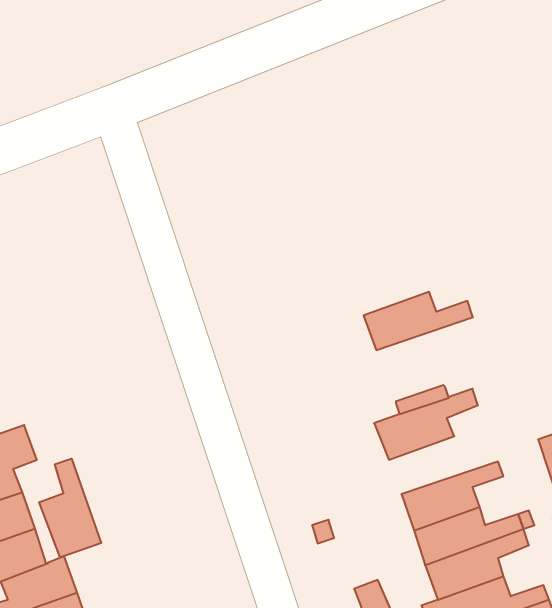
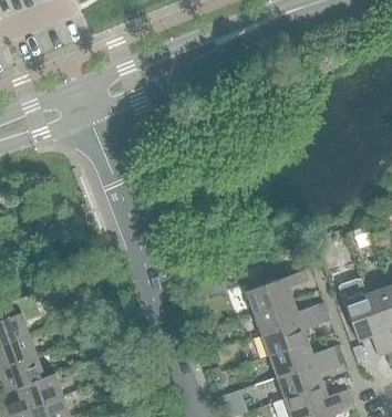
building: [364,292,473,350] -> [252,300,319,335]
building: [39,459,101,558] -> none

